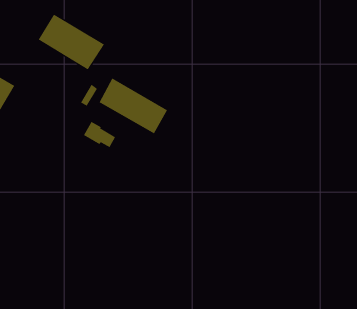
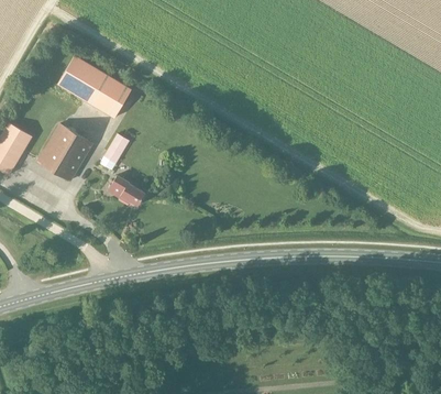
building: none -> [38,124,93,182]
building: [99,77,168,134] -> none

